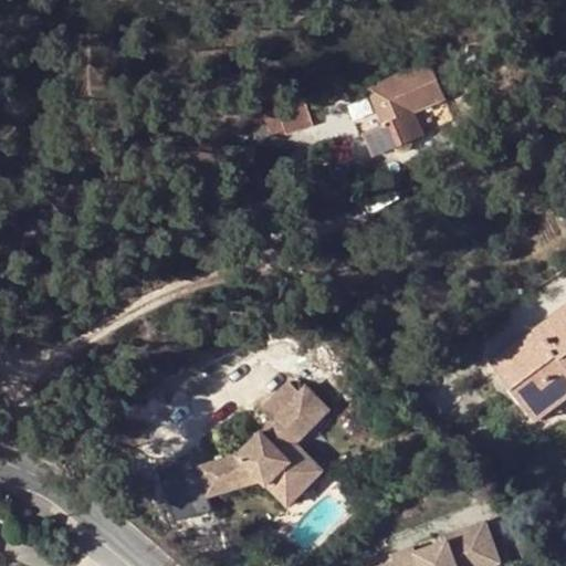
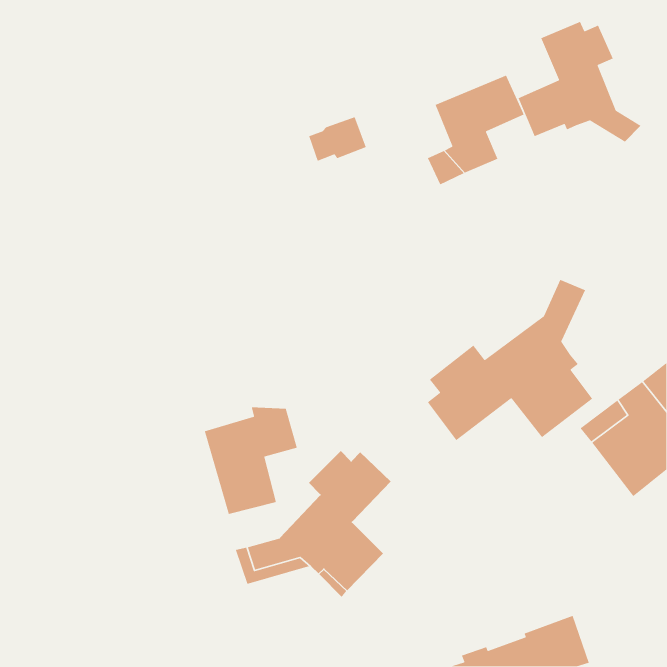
building: none -> [518,21,642,143]
building: none -> [427,279,593,441]
building: none -> [204,407,298,515]

